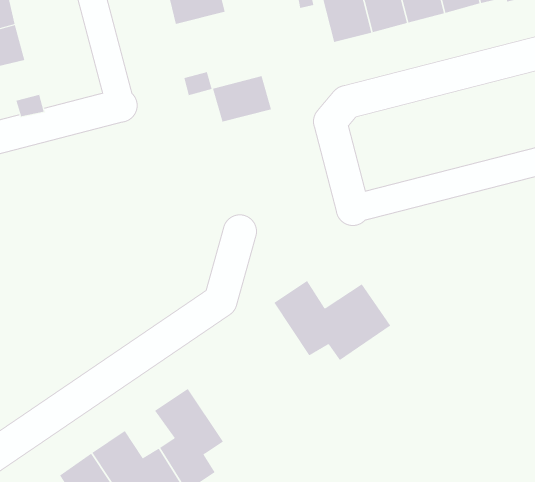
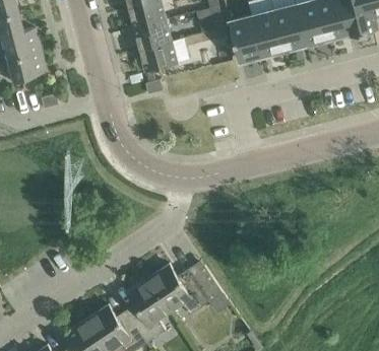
building: [212,75,272,122] -> [140,42,178,71]
building: [273,280,391,361] -> [148,264,223,314]

